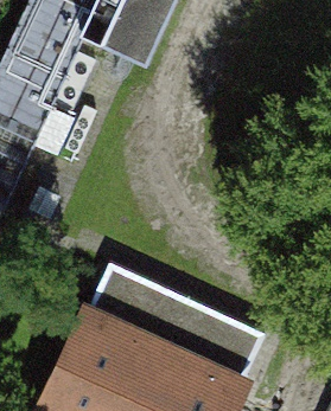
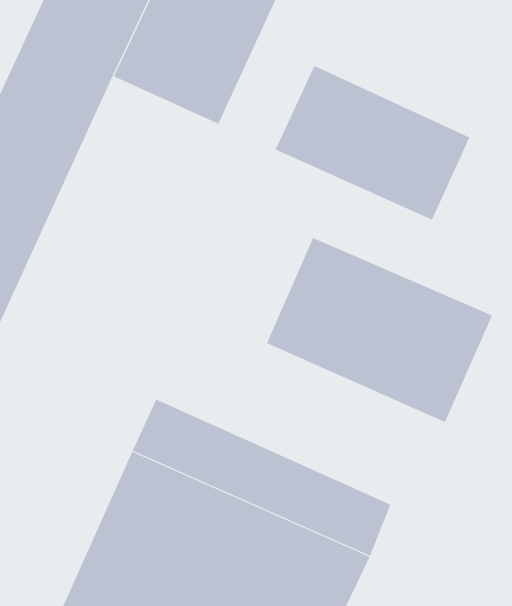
building: none -> [275,65,470,221]
building: none -> [266,237,493,423]

